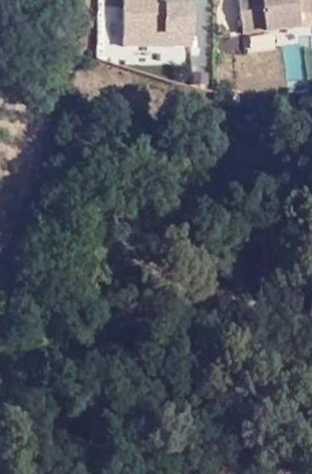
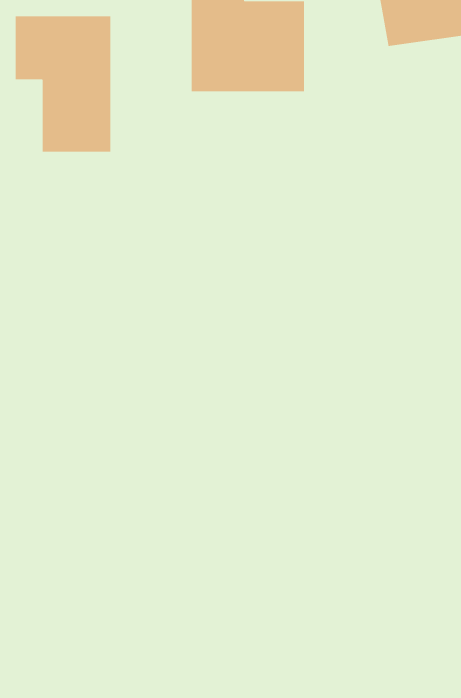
building: none -> [15,16,111,153]

